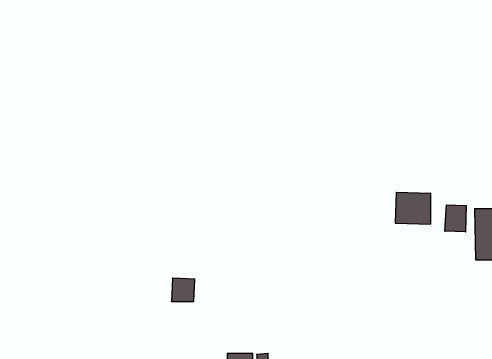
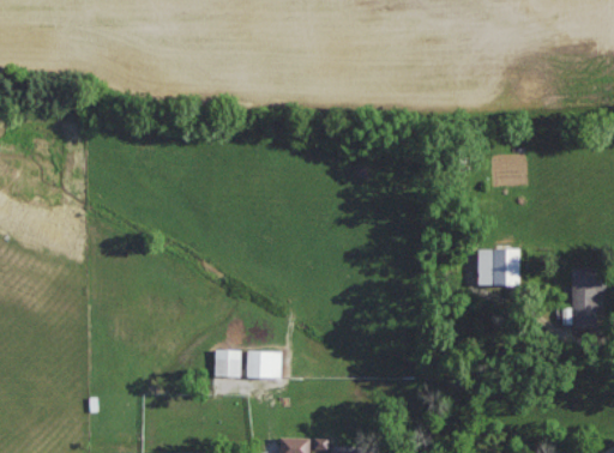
building: [445,205,466,232] -> none
building: none -> [247,351,282,379]

